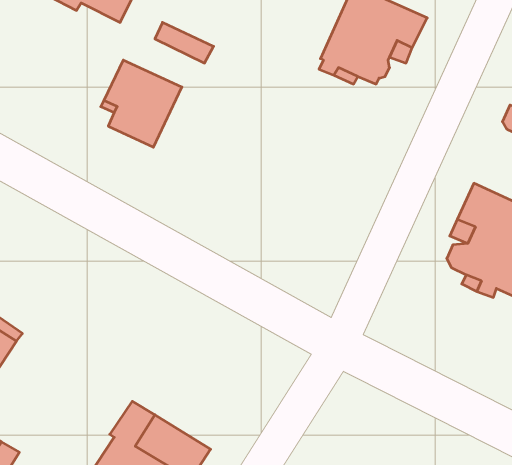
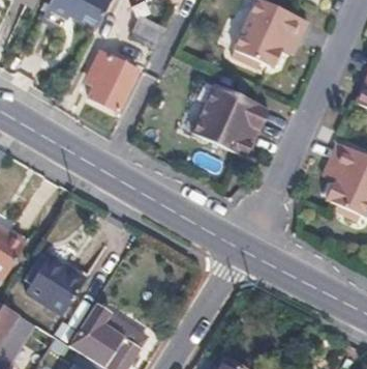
building: none -> [194,81,269,152]
building: none -> [24,258,84,317]

